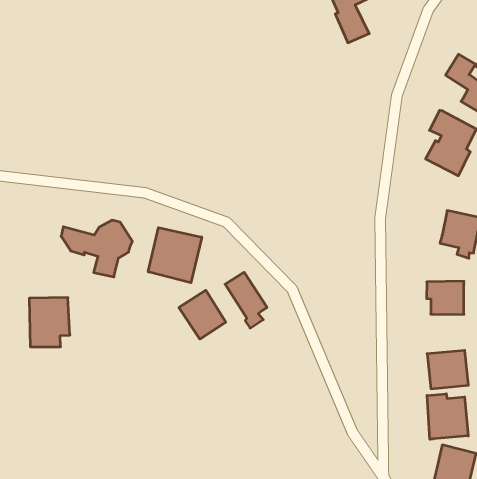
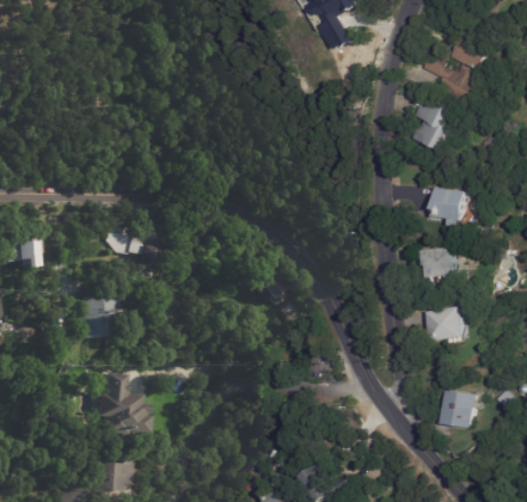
building: [148,228,202,283] -> none
building: [179,290,226,339] -> none
building: none -> [97,372,145,433]
building: [427,394,468,439] -> none

